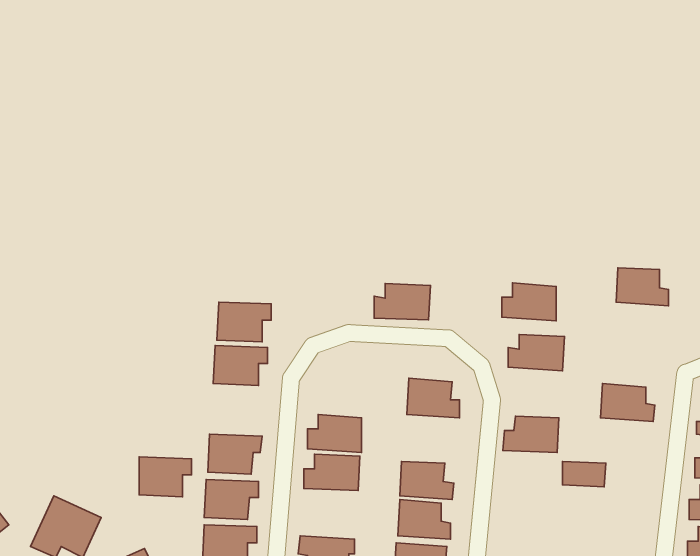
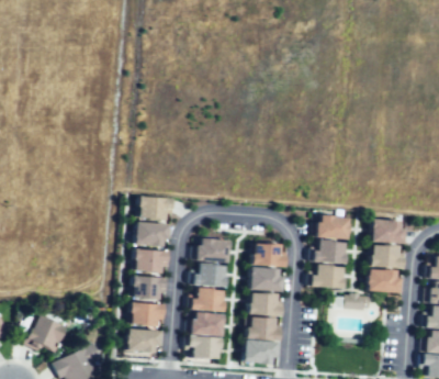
building: [616,268,669,306] -> [374,219,406,242]
building: [502,283,556,321] -> [314,239,347,263]
building: [374,284,430,320] -> [194,238,228,260]
building: none -> [254,266,285,290]
building: none -> [371,270,403,293]
building: [139,457,192,497] -> [136,249,168,274]
building: none -> [189,313,222,335]

